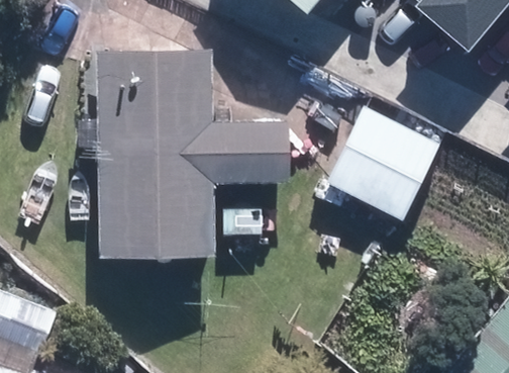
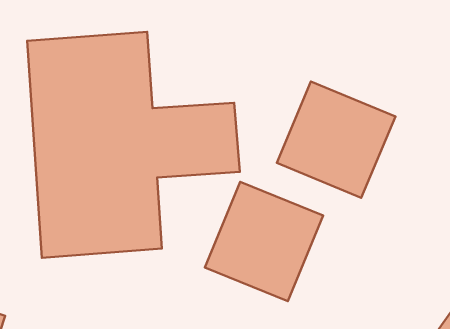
building: none -> [205,182,323,301]

